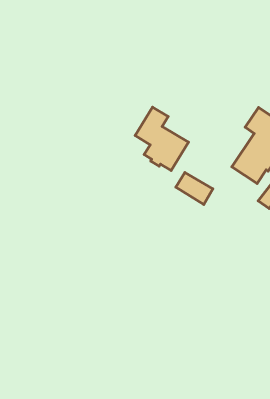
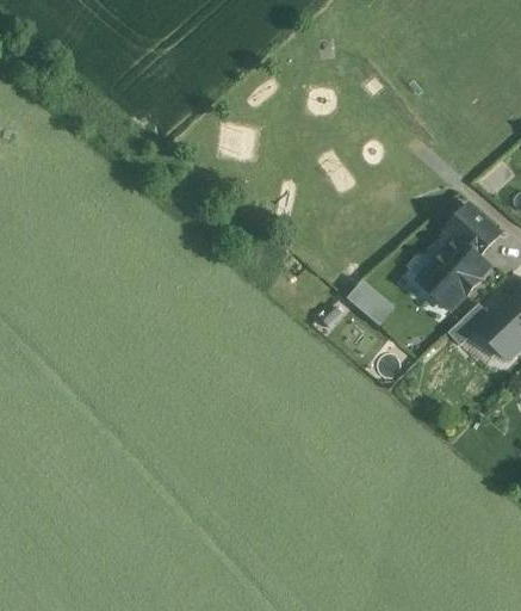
building: [135,107,188,171] -> none

